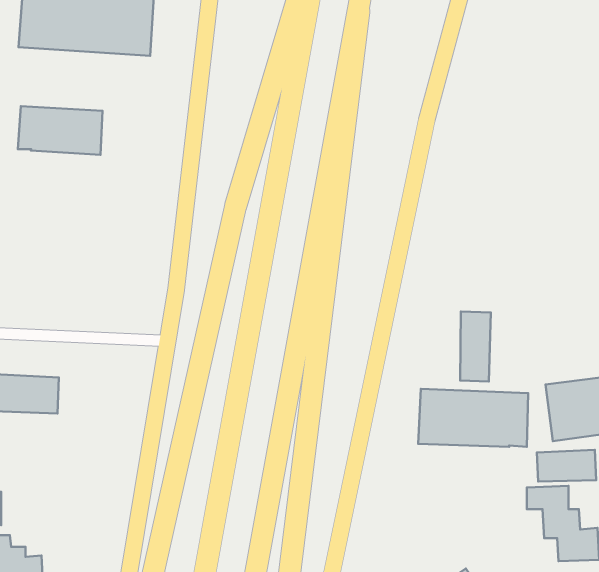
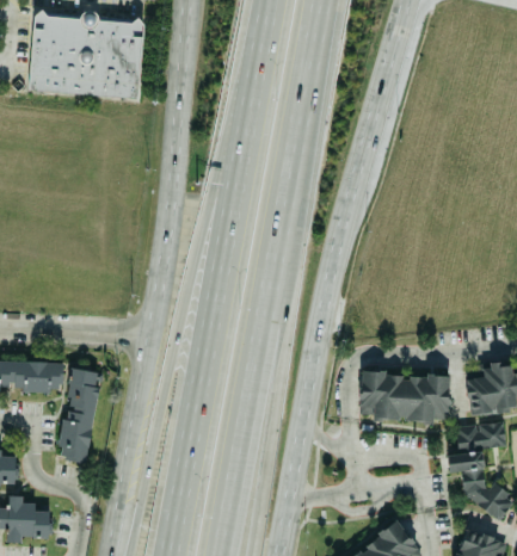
building: [18,106,103,155] -> none
building: [460,312,491,381] -> none
building: none -> [57,369,100,463]

